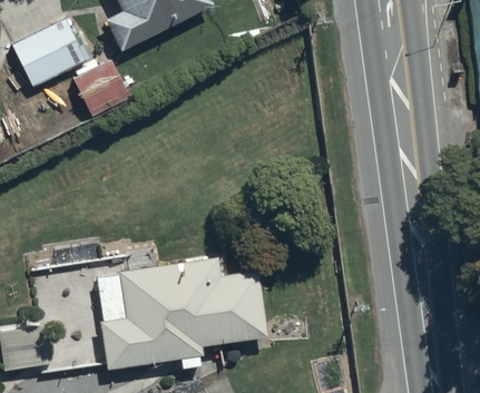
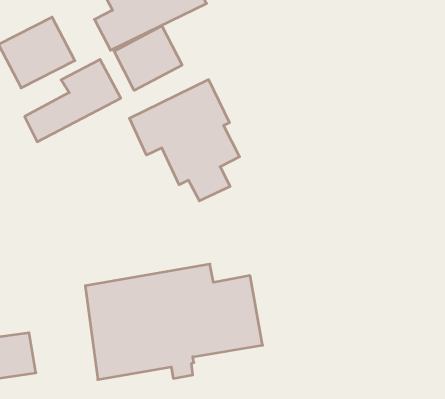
building: none -> [114,26,182,90]
building: none -> [129,80,240,201]

